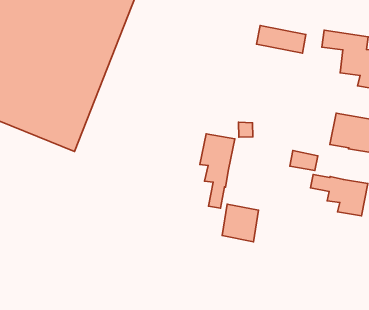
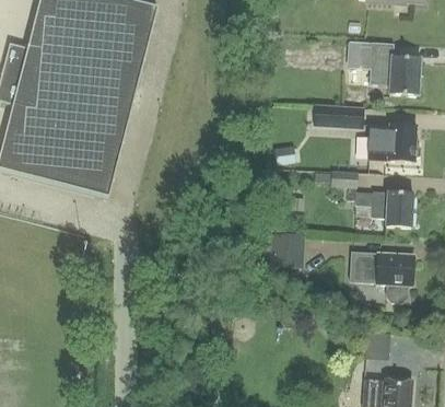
building: [257,25,306,53] -> [313,104,362,127]
building: [200,134,235,208] -> none
building: none -> [350,251,412,300]

